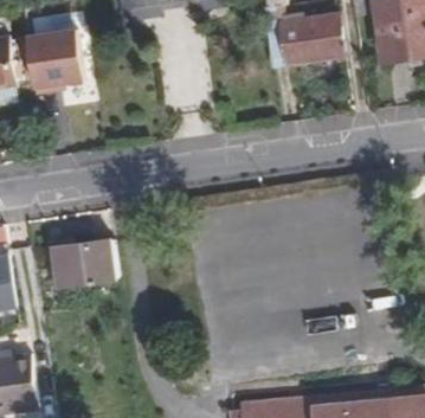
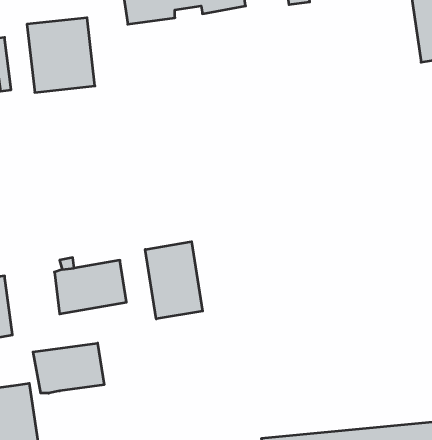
building: [277,18,340,66] -> none
building: none -> [145,242,203,319]
building: none -> [33,343,104,393]

